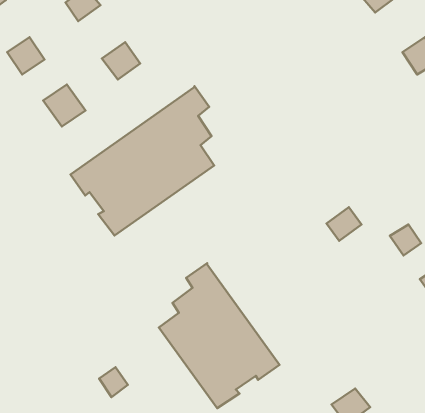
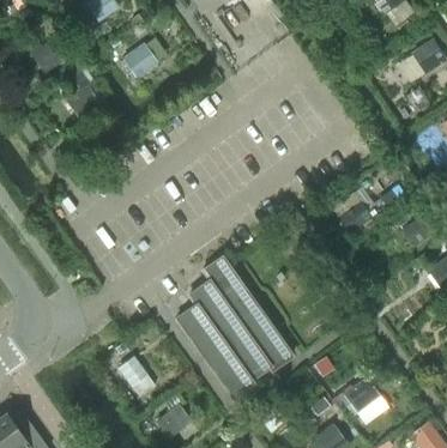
building: [70,86,214,235] -> none

